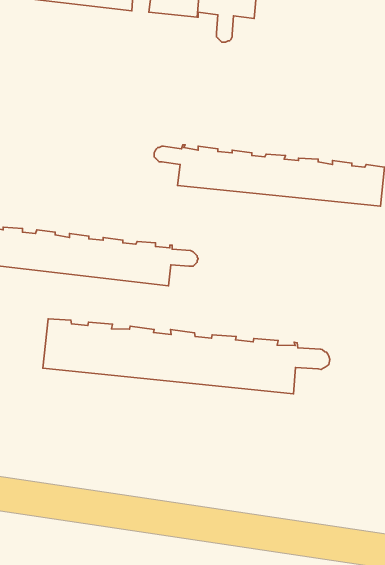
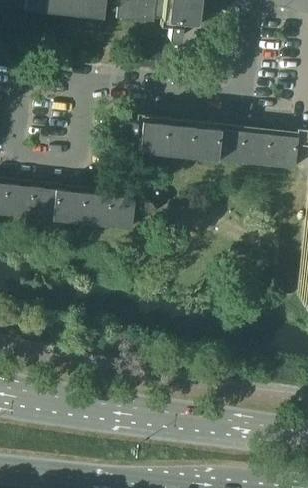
building: [43,319,330,394] -> none

